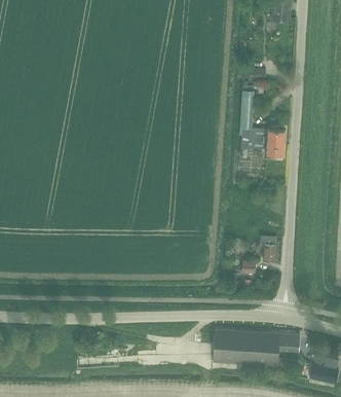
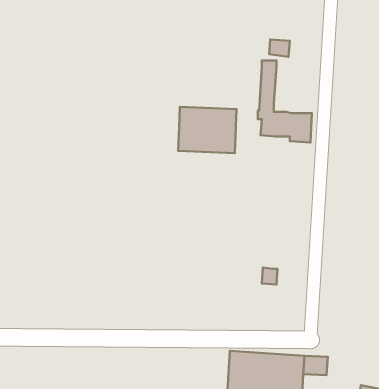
building: none -> [178,107,237,153]
building: [258,236,276,261] -> none

